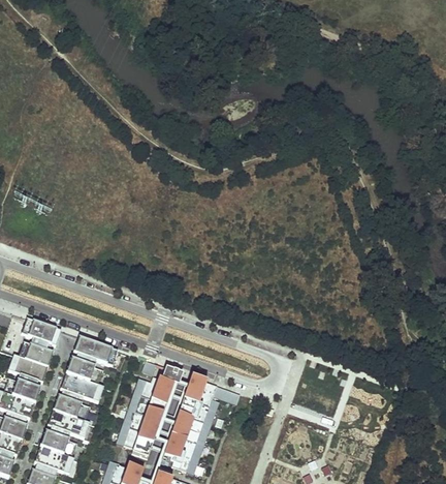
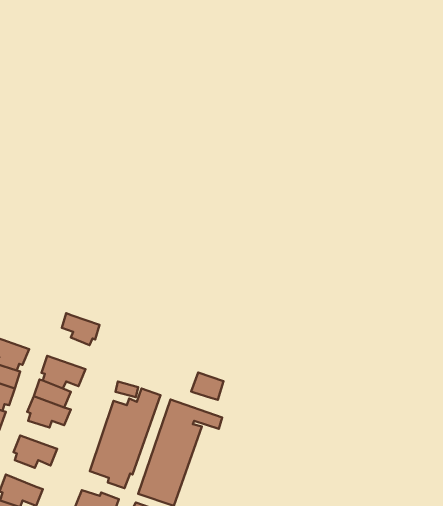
building: none -> [62,313,100,345]
building: none -> [191,372,223,400]
building: [54,395,88,420] -> none
building: [40,431,74,457] -> none

